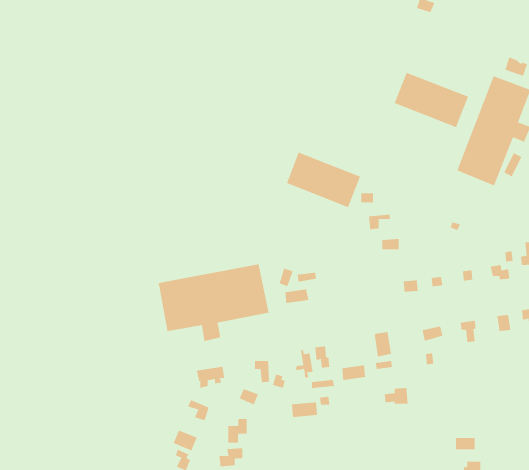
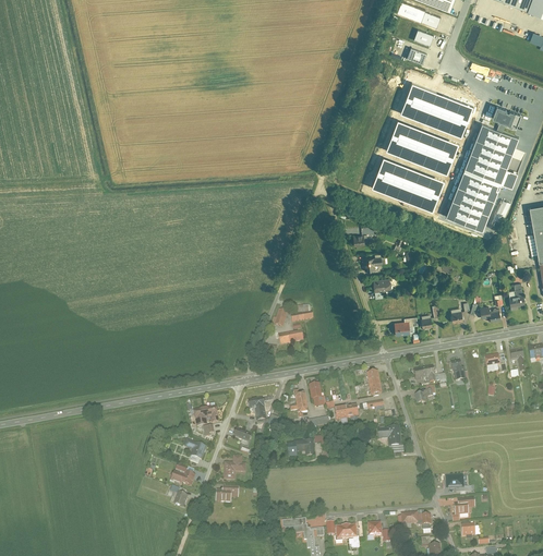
building: none -> [400,81,473,134]
building: [286,152,361,208] -> [372,155,445,209]
building: [158,264,269,342] -> none

